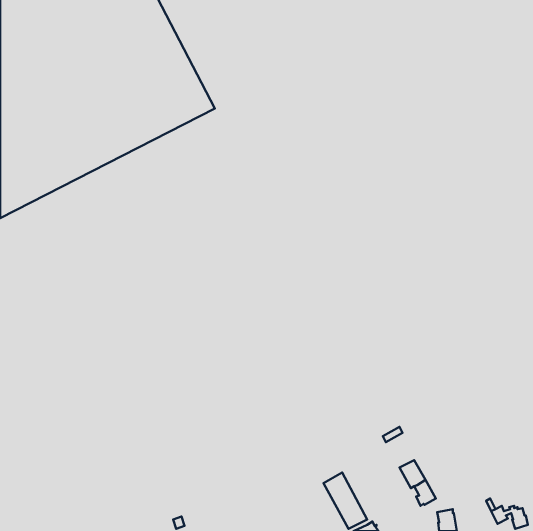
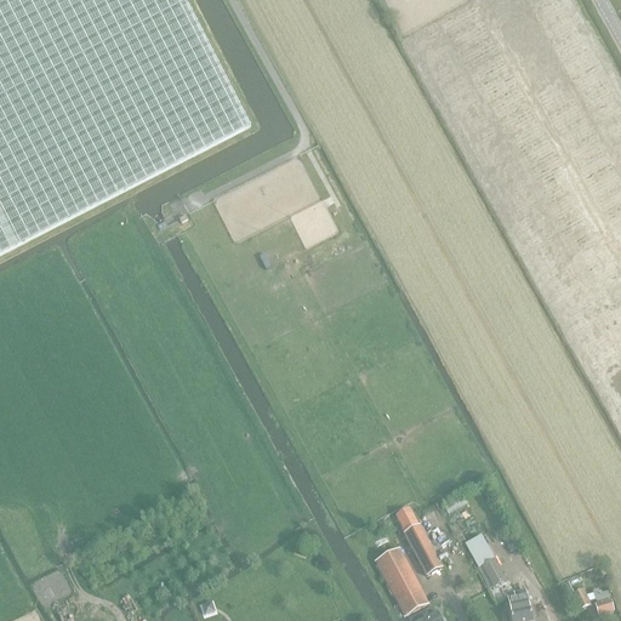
building: none -> [397,508,443,575]

